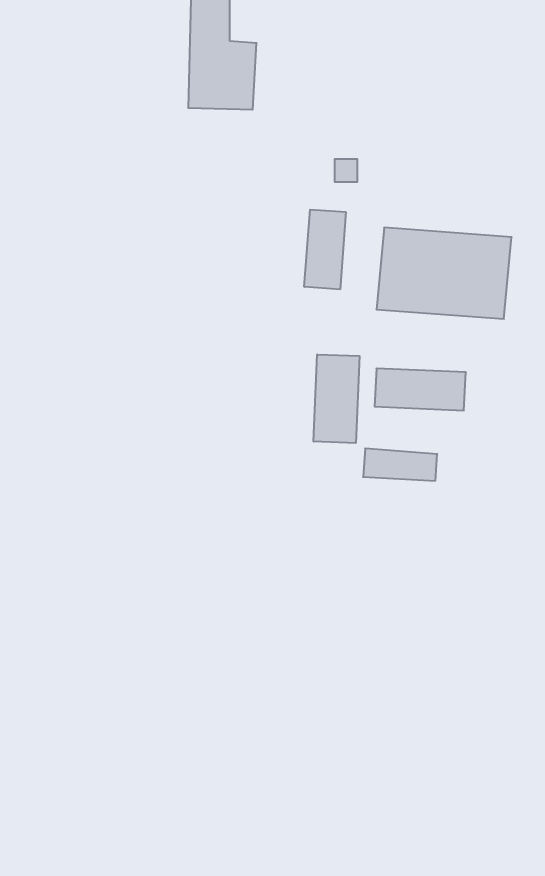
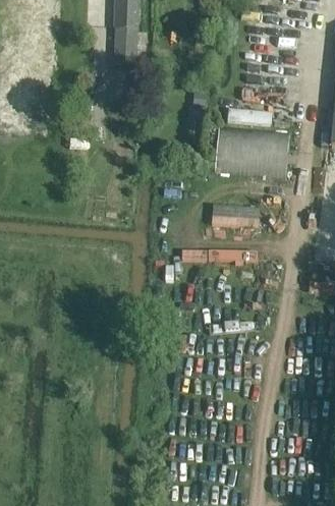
building: [304,210,346,289] -> none
building: [314,354,359,443] -> none

